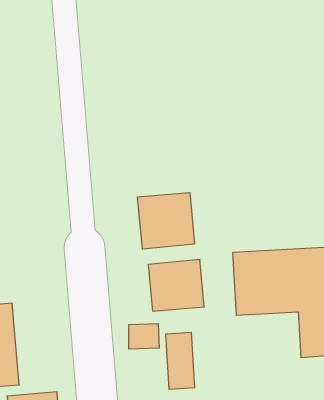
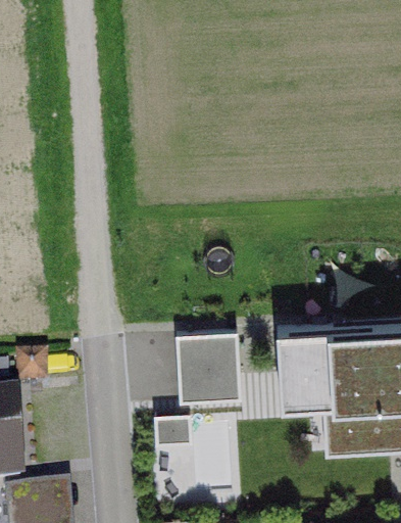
building: [138,193,194,249] -> none

